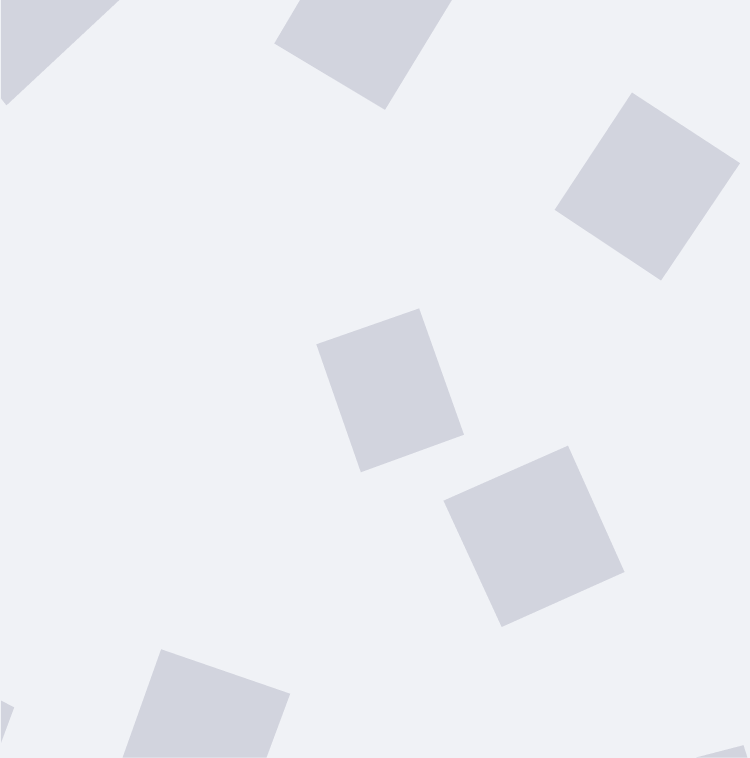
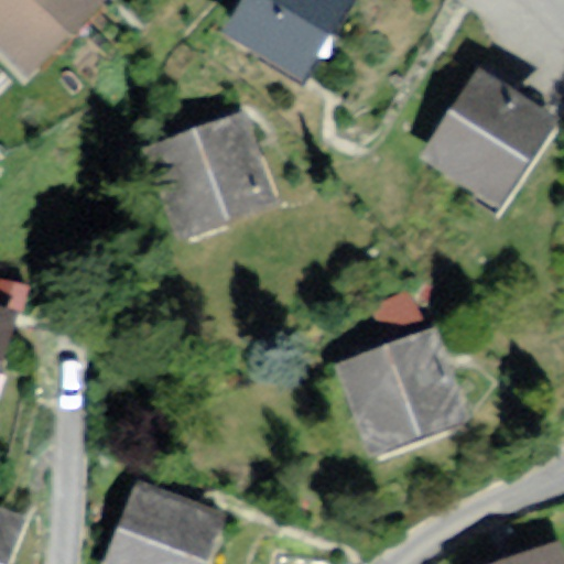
building: none -> [139,107,283,240]
building: [315,308,465,473] -> none

